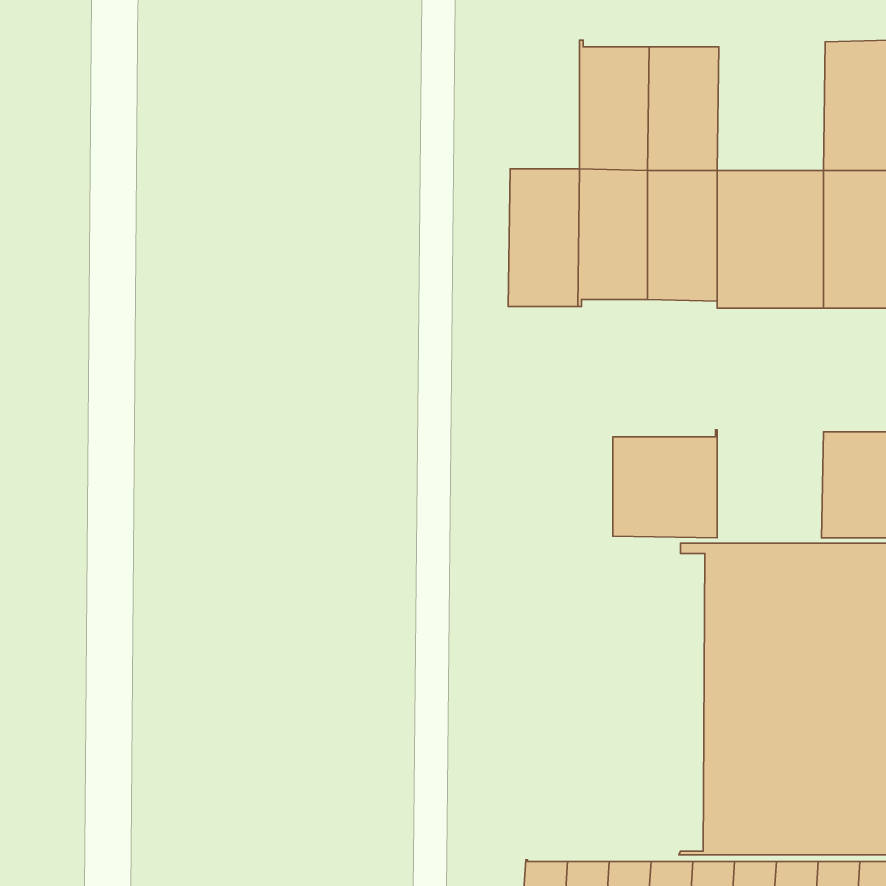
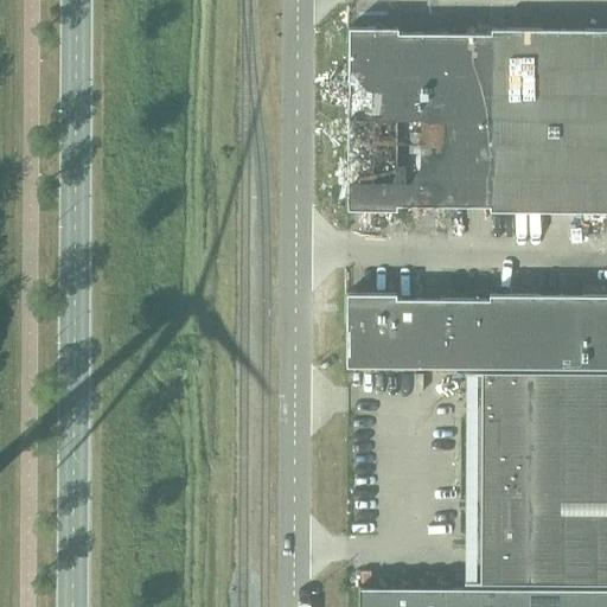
building: none -> [350,28,397,117]
building: none -> [491,30,564,119]
building: none -> [347,294,420,368]
building: none -> [491,295,563,369]

